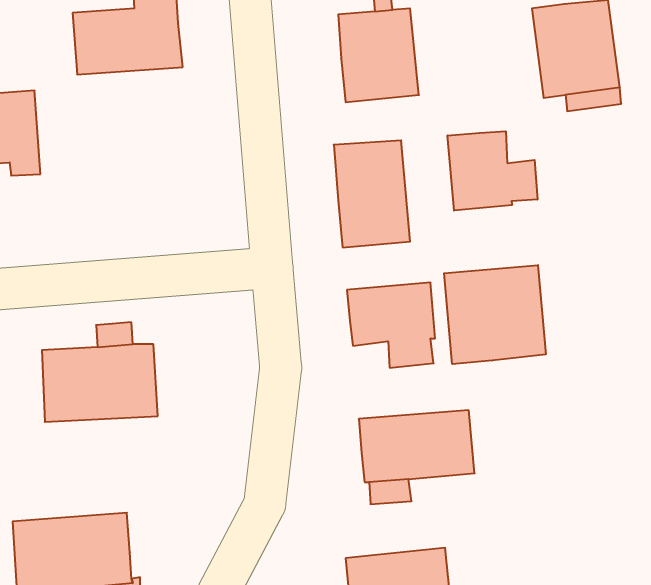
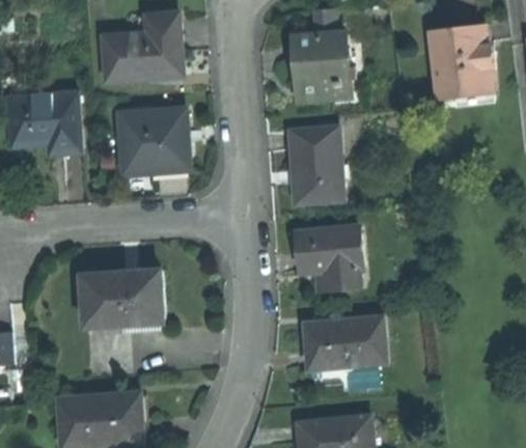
building: none -> [119,109,189,172]
building: [448,131,537,211] -> none
building: [444,265,546,364] -> none

